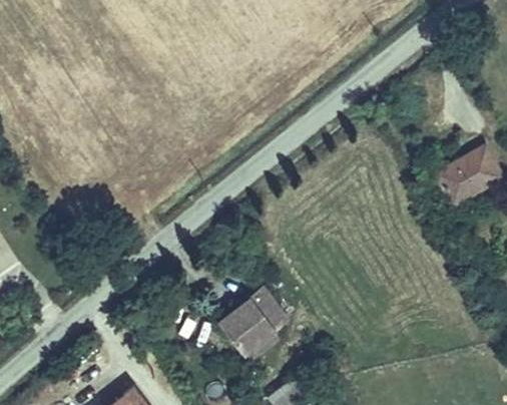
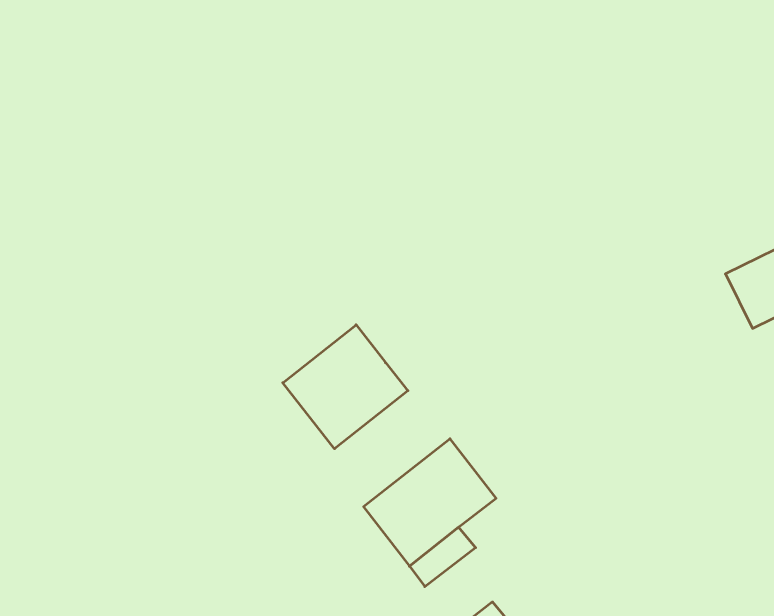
building: none -> [283,325,408,449]

